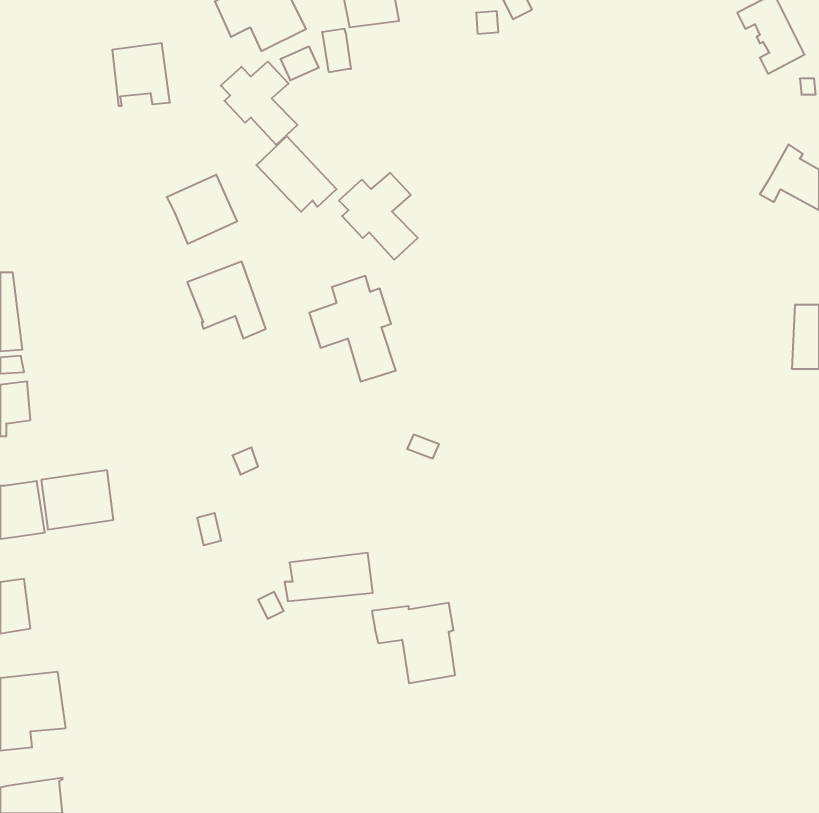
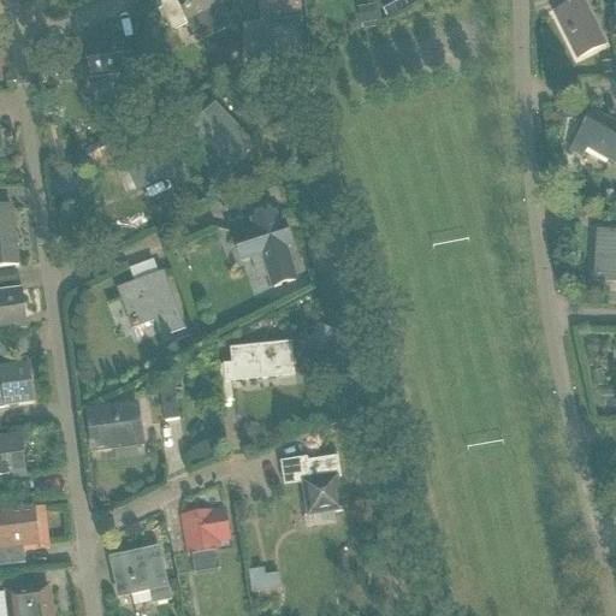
building: [221,62,297,145] -> none
building: [339,173,418,260] -> none
building: [187,261,266,338] -> [120,273,179,331]
building: [41,470,113,530] -> [88,402,142,446]
building: [285,553,373,601] -> [226,339,292,375]
building: none -> [183,508,226,550]
building: none -> [111,546,168,603]

